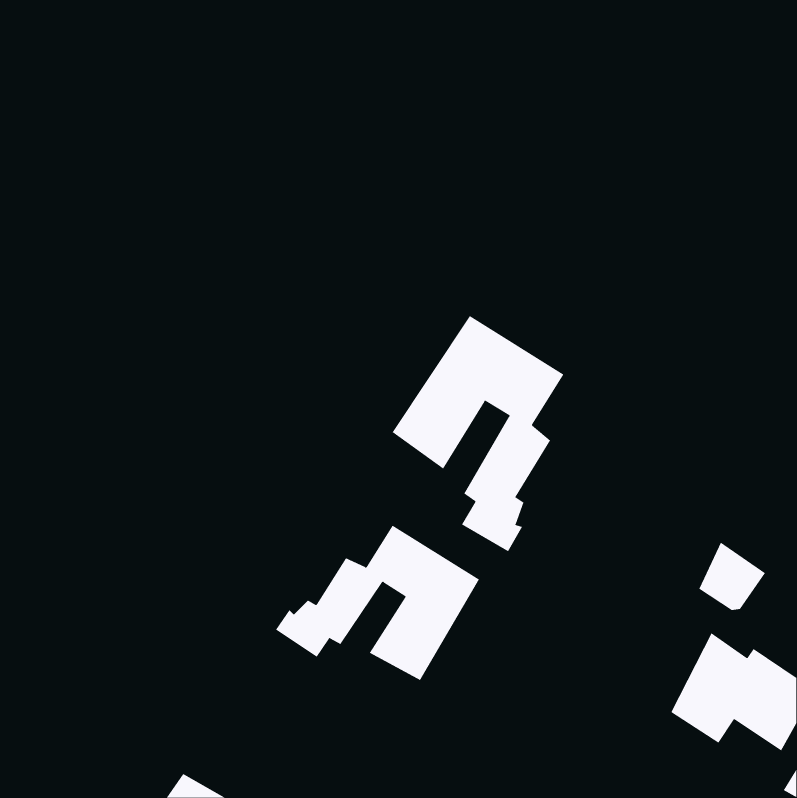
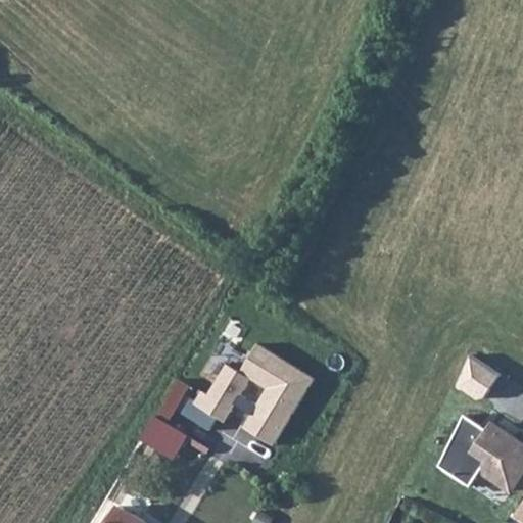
building: [392,315,564,552] -> none
building: none -> [139,381,189,461]

